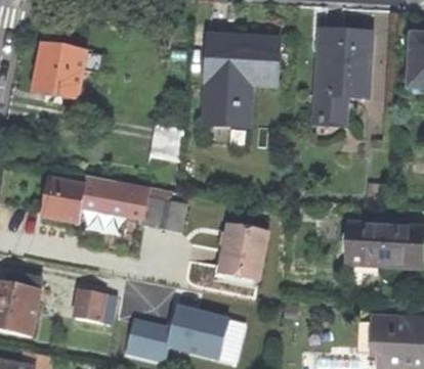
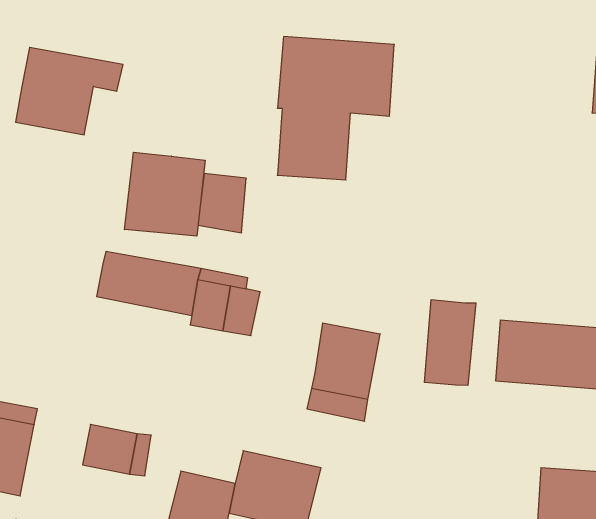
building: [314,30,372,126] -> none
building: none -> [125,152,205,236]
building: [43,177,86,223] -> none
building: none -> [424,300,476,385]

